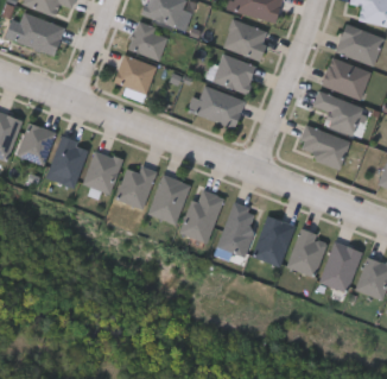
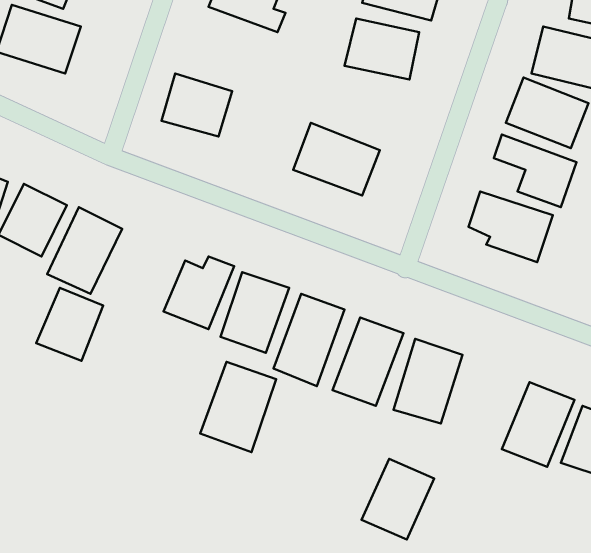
building: [127,23,169,61] -> none
building: [210,53,256,94] -> none
building: [81,150,121,194] -> [36,288,103,361]
building: [285,228,329,277] -> [362,459,434,539]
building: none -> [200,362,276,452]

